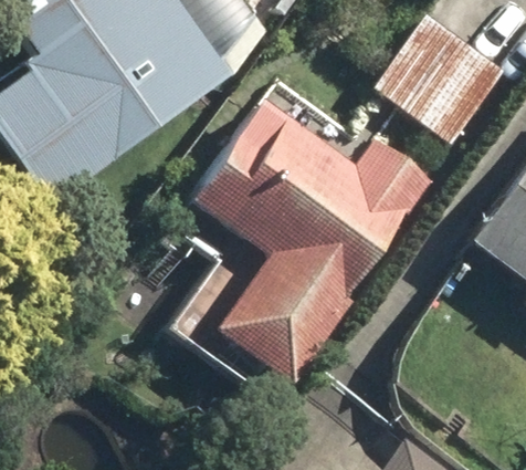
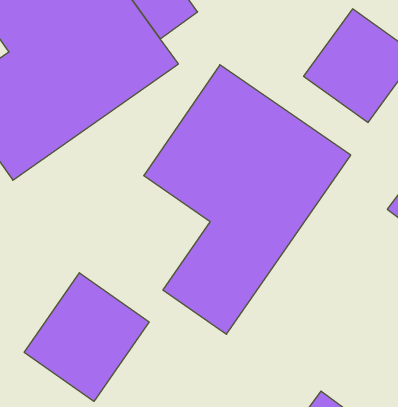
building: none -> [24,273,149,401]

